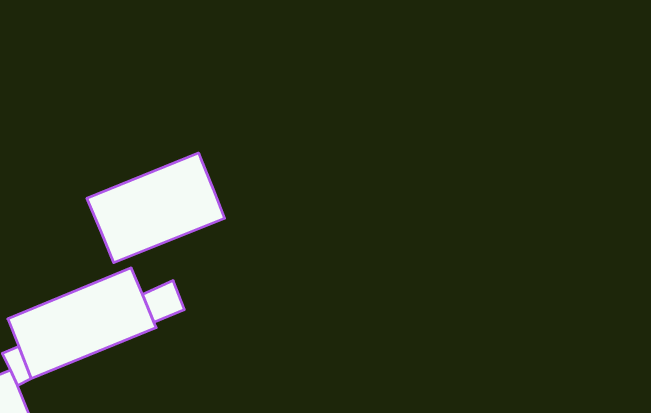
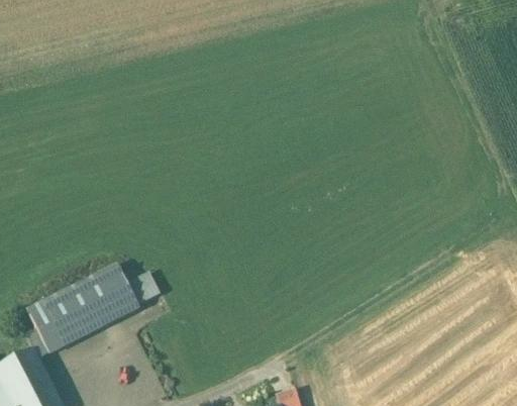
building: [87,153,225,263] -> none

